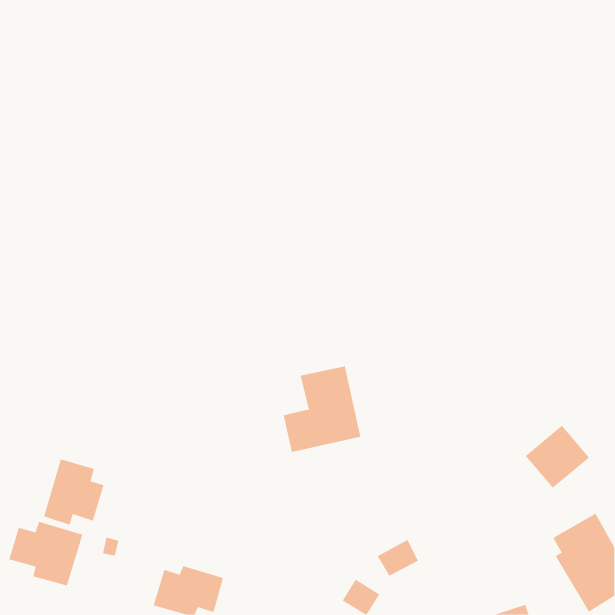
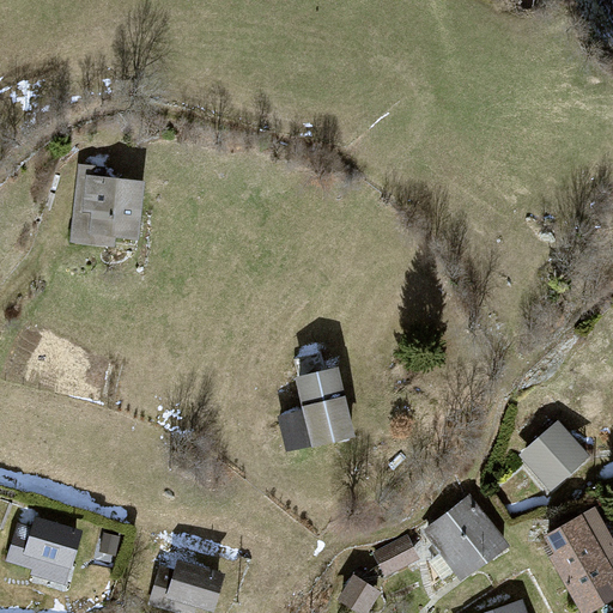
building: none -> [72,166,141,244]
building: [43,458,104,526] -> none
building: none -> [430,498,505,576]

